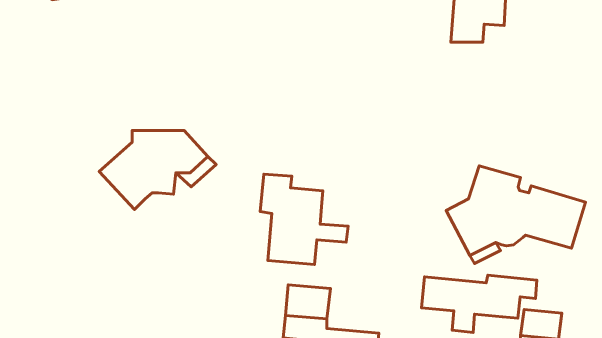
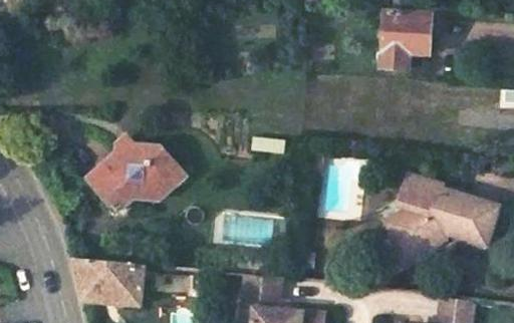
building: [260,174,348,264] -> none
building: none -> [75,258,141,303]
building: [422,275,537,333] -> none

